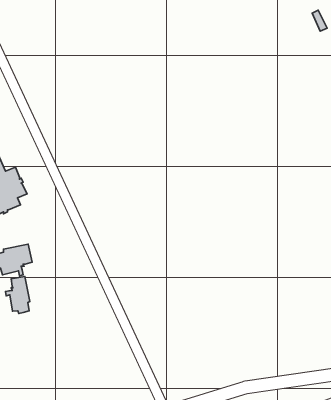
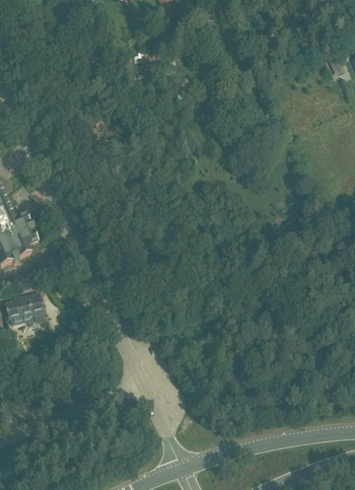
building: [5,277,30,314] -> none

